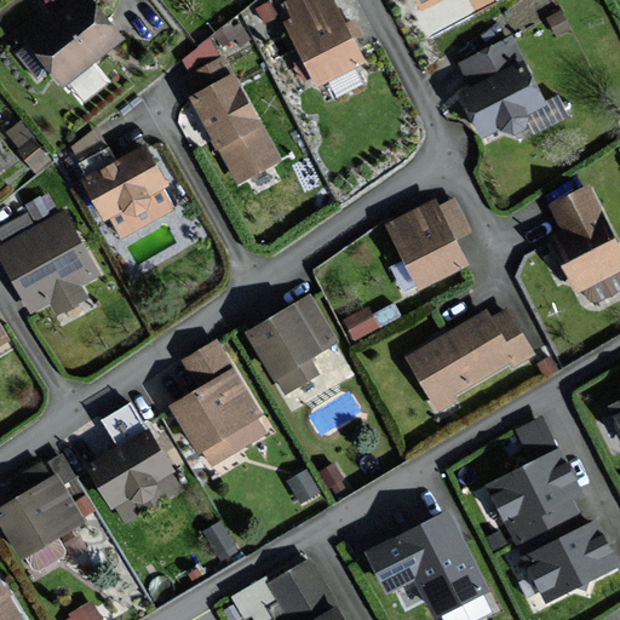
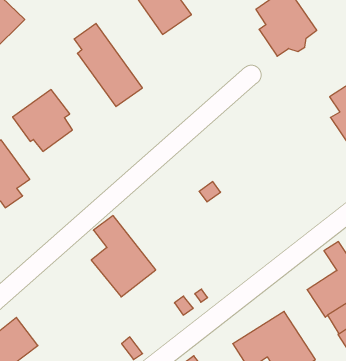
building: [388,199,469,287] -> none
building: [248,298,333,392] -> none
building: [407,310,532,409] -> none
building: [86,404,171,507] -> none

